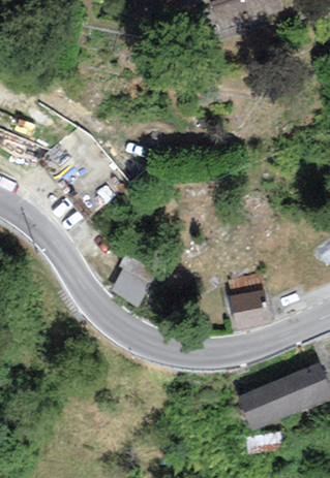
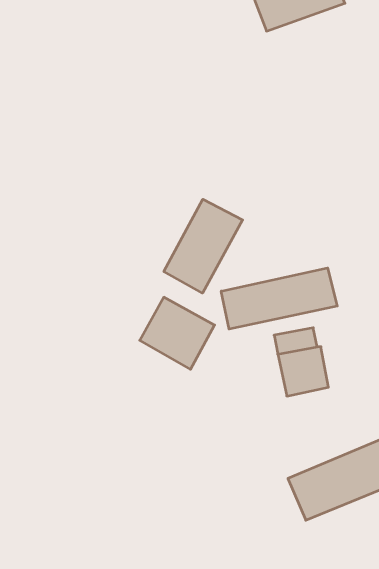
building: none -> [164,199,243,293]
building: none -> [221,268,337,329]

